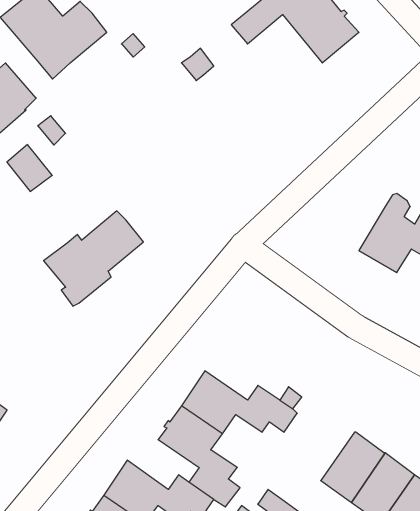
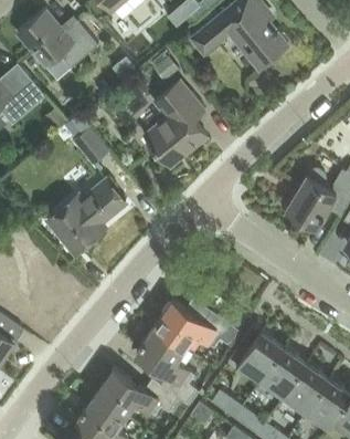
building: none -> [144,81,206,167]
building: [7,145,52,191] -> [73,127,107,163]
building: none -> [230,325,284,384]

